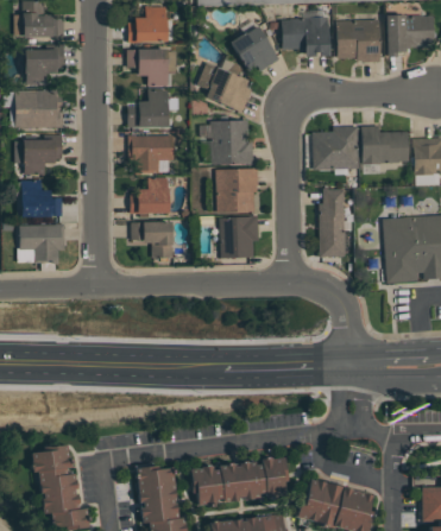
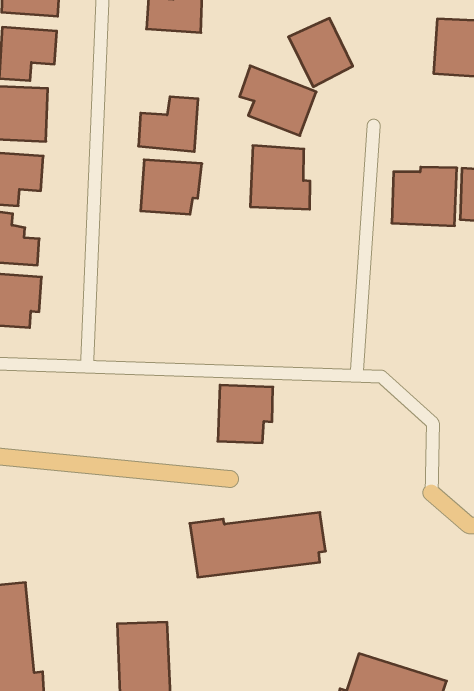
building: [282,17,329,56] -> none
building: [127,49,176,86] -> none
building: [216,167,257,213] -> none
building: [130,177,169,213] -> none
building: [320,188,346,255] -> none
building: [220,216,259,258] -> [218,385,273,443]
building: [131,221,172,258] -> none
building: [190,455,289,507] -> [190,512,326,577]

